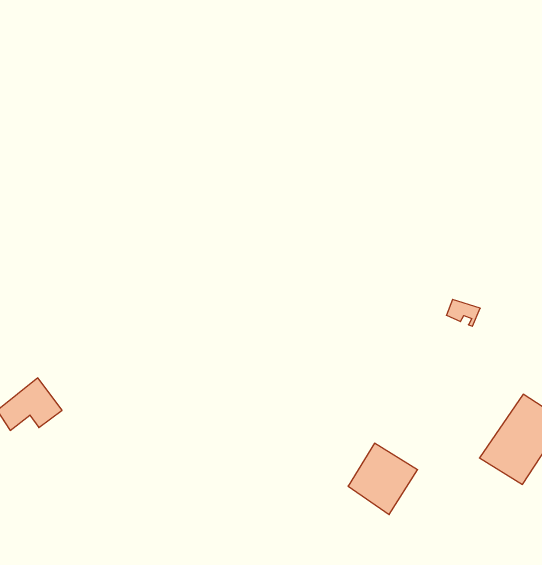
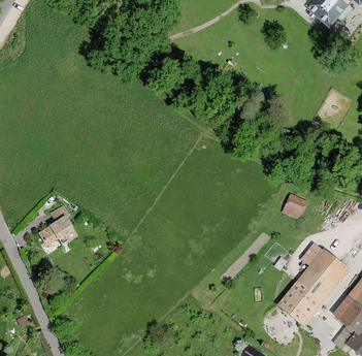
building: [348,443,418,515] -> [281,284,319,323]

